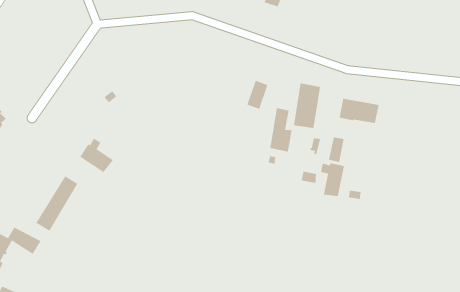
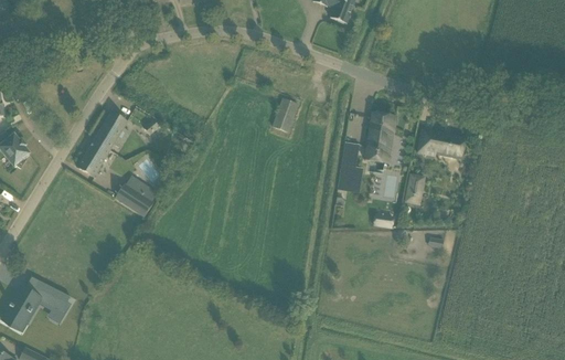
building: [247,80,268,110] -> [273,97,298,131]
building: [321,163,344,197] -> none
building: [35,175,78,231] -> [77,110,127,176]

